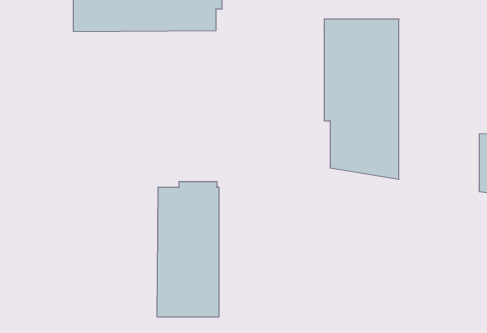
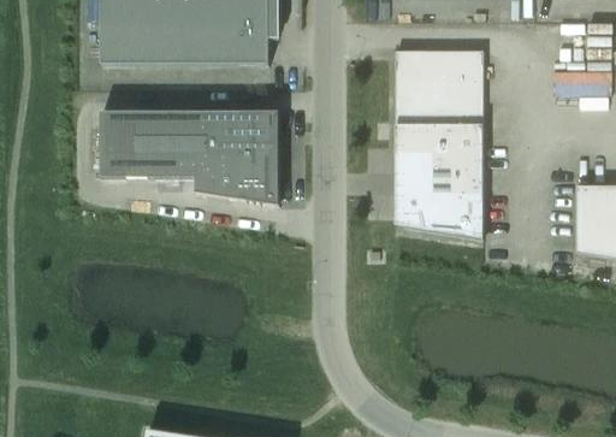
building: none -> [100,112,279,206]
building: [157,181,219,317] -> none

